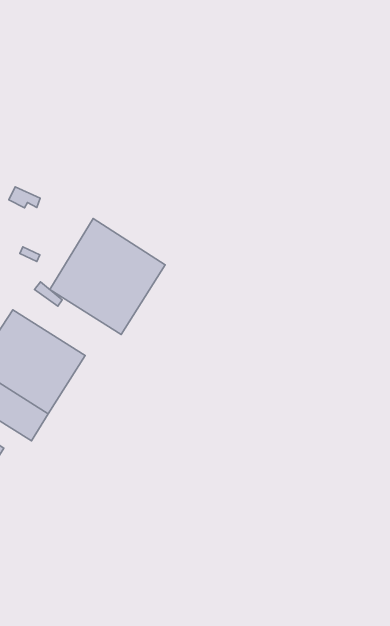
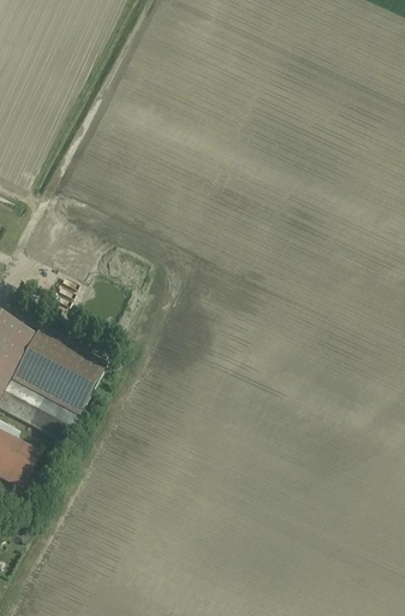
building: [50,219,165,334] -> none

